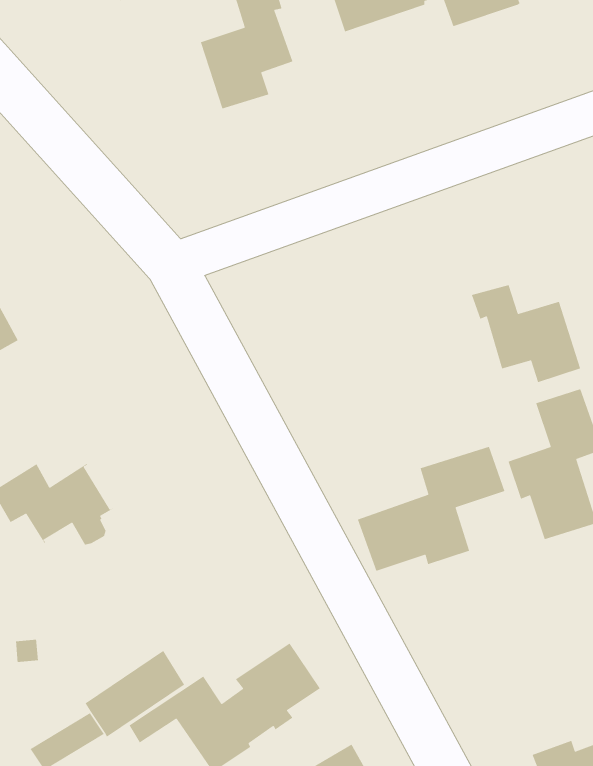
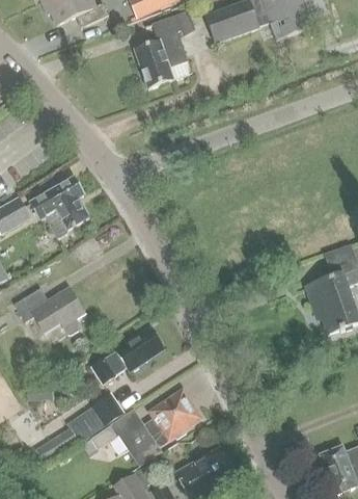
building: none -> [31,178,88,238]
building: [471,284,581,383] -> none
building: [357,446,506,572] -> none
building: none -> [91,331,163,384]

